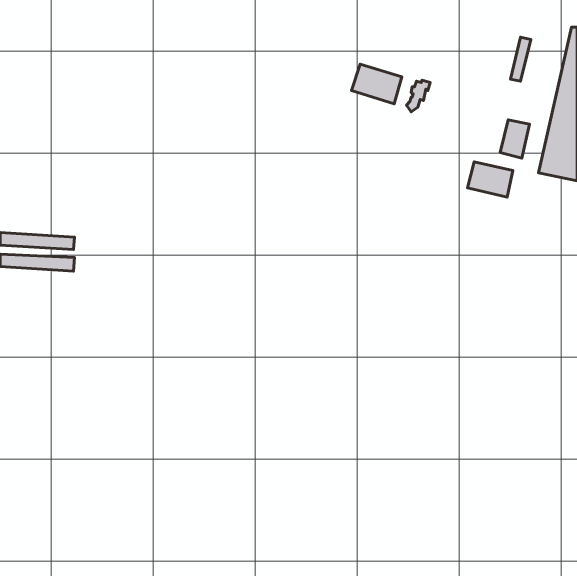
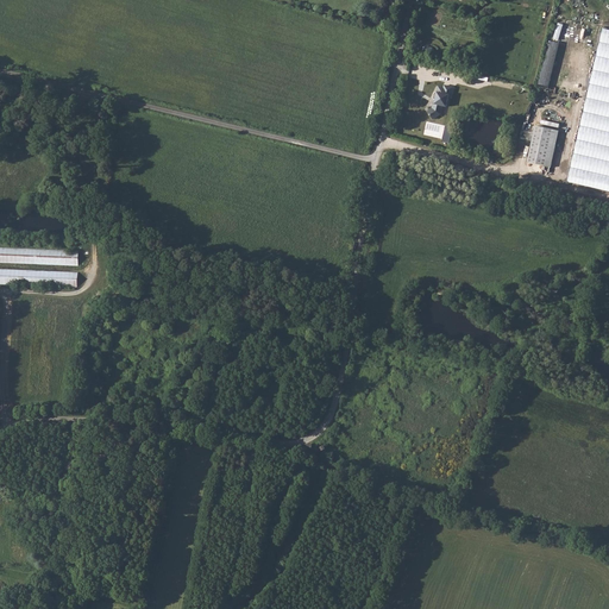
building: [351,64,402,104] -> none
building: [467,162,513,197] -> none

